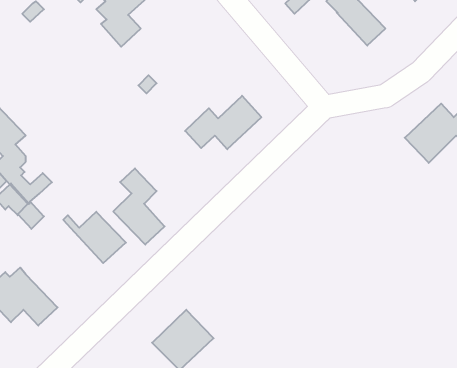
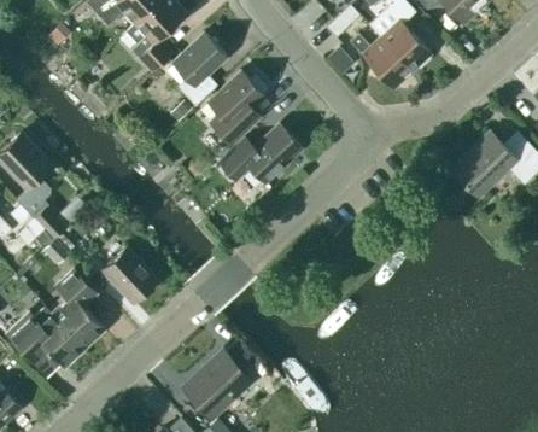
building: none -> [172,33,227,106]
building: none -> [350,34,413,89]
building: none -> [209,71,267,145]
building: [113,168,165,245] -> [51,268,105,349]

